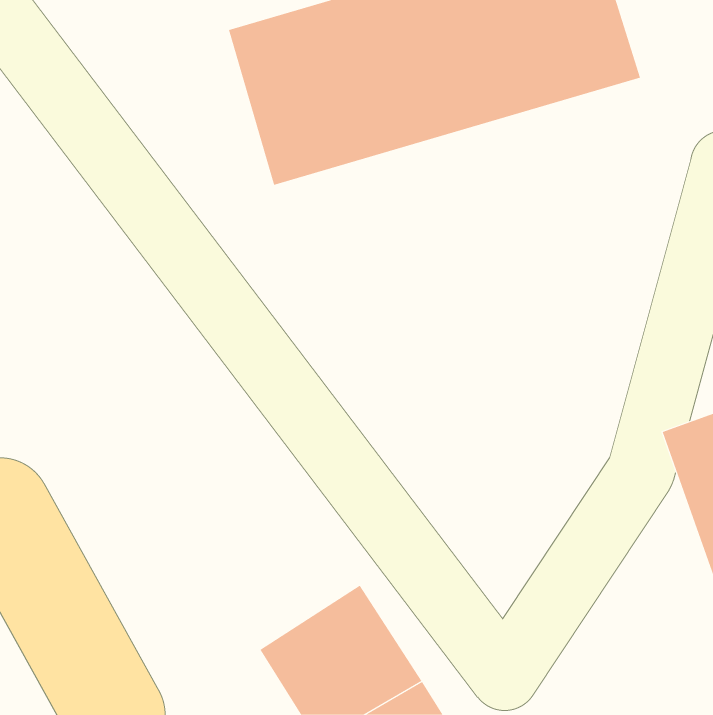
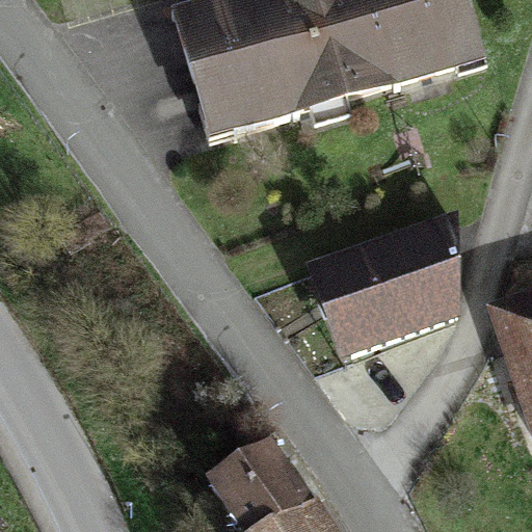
building: none -> [312,223,461,360]

